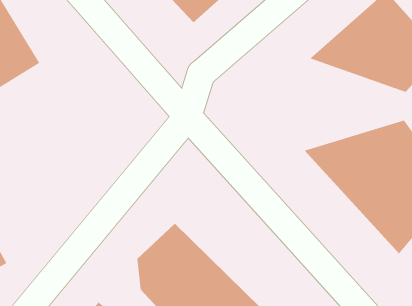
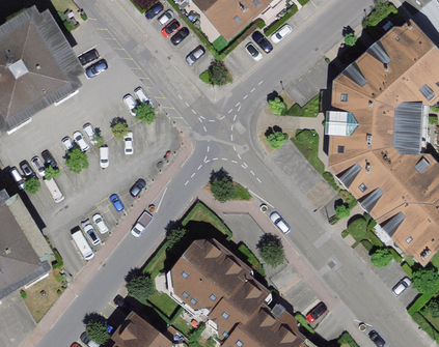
building: none -> [329,79,426,166]

